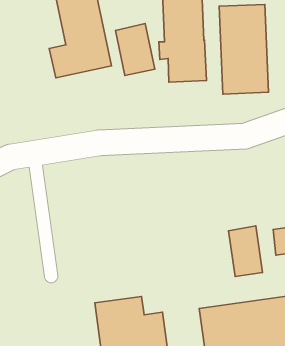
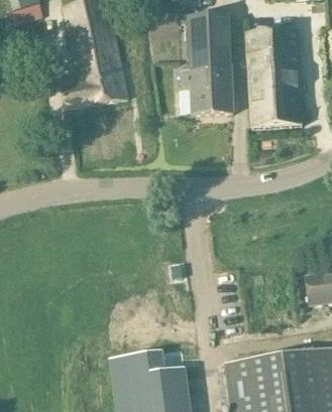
building: [115,23,155,75] -> none
building: [229,226,263,277] -> none

